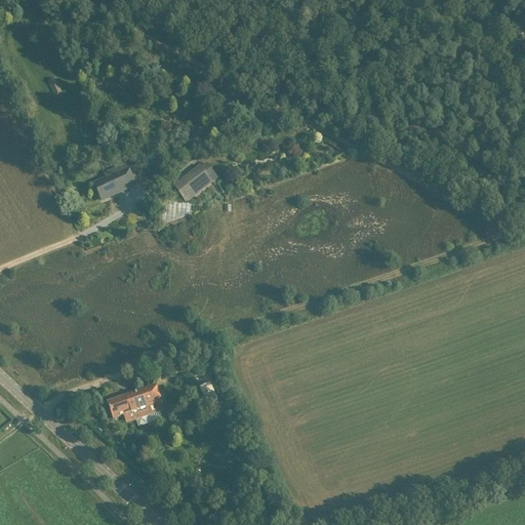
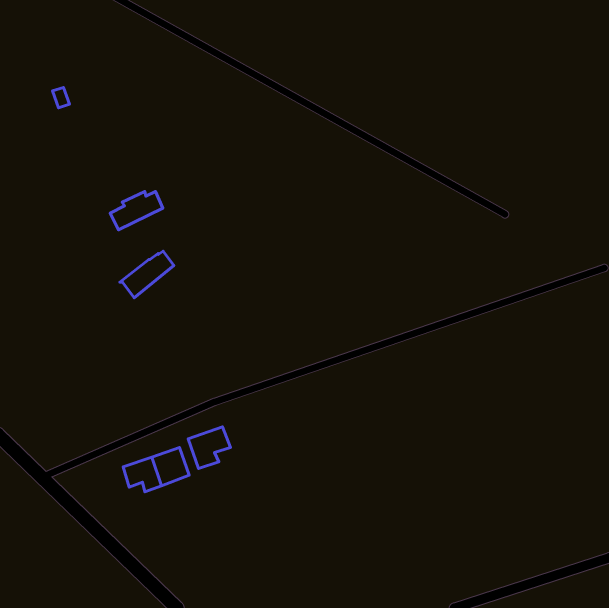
building: [173,158,219,198] -> [120,251,174,298]
building: none -> [188,427,231,469]

